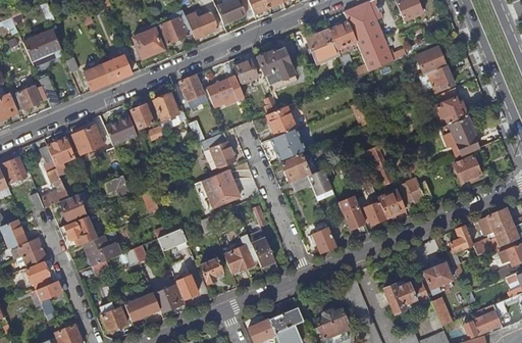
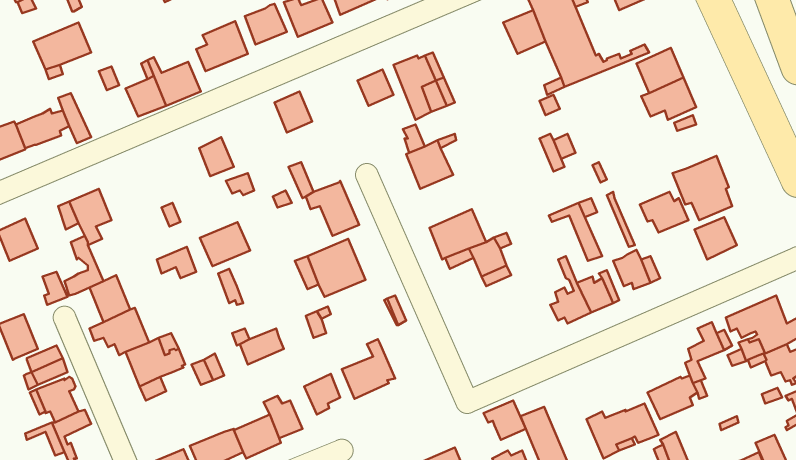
building: [307,30,340,64] -> none
building: [207,77,245,107] -> none
building: [153,94,178,120] -> none
building: [436,98,468,125] -> [640,192,688,233]
building: [105,116,138,145] -> [200,222,250,266]
building: [71,126,104,155] -> none
building: [270,129,306,161] -> none
building: [338,197,365,230] -> none
building: [310,229,337,254] -> [484,401,526,440]
building: [249,232,275,267] -> none

